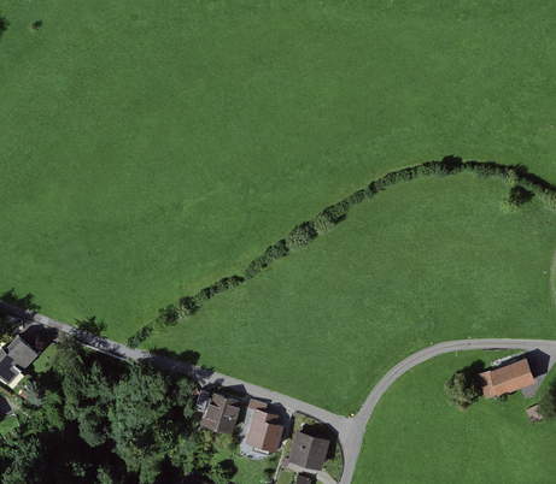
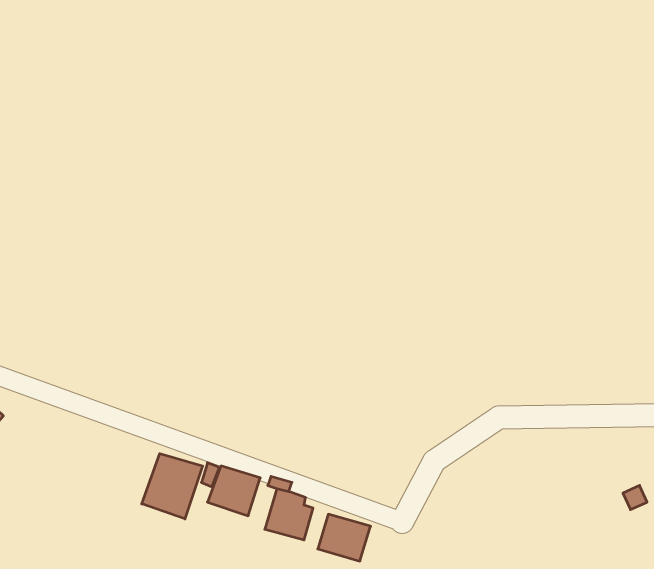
building: [479,360,539,403] -> none
building: none -> [142,454,203,519]

